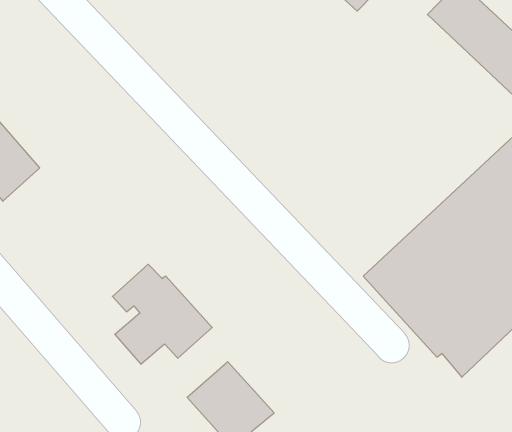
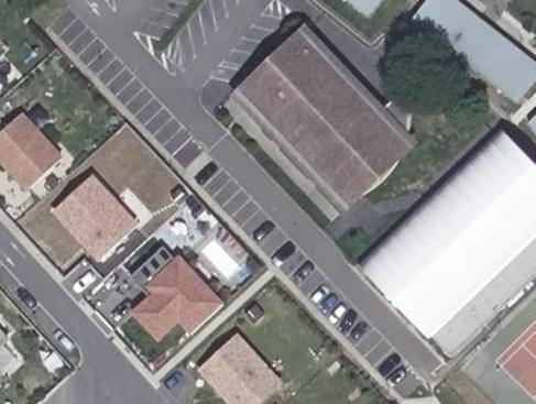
building: none -> [247,34,406,199]
building: none -> [54,174,138,259]

